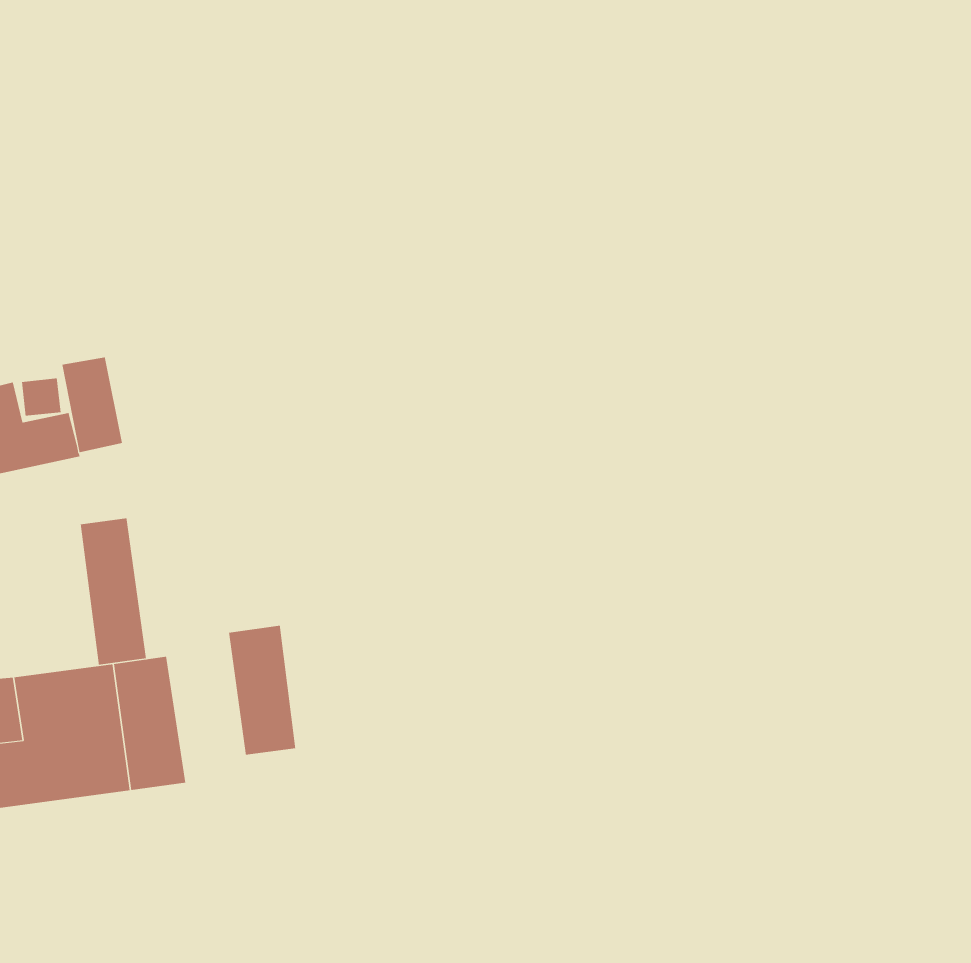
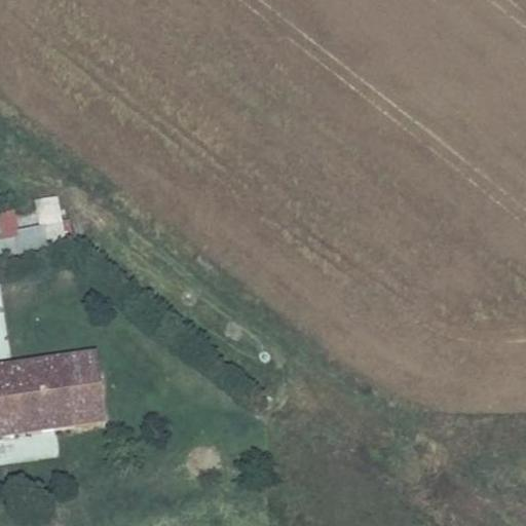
building: [80,518,147,666] -> none
building: [228,625,296,756] -> none

